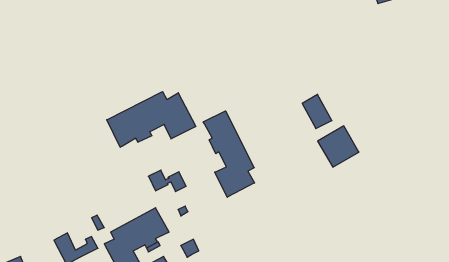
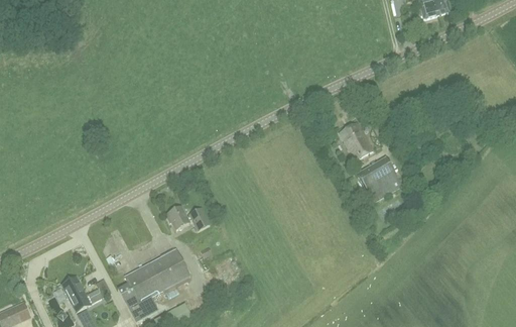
building: [107,92,196,147] -> none
building: [203,111,255,197] -> none

